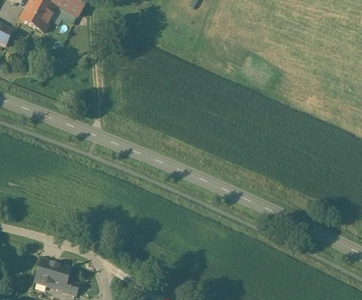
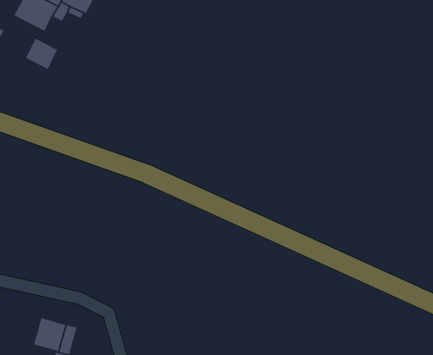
building: none -> [25,37,58,70]

